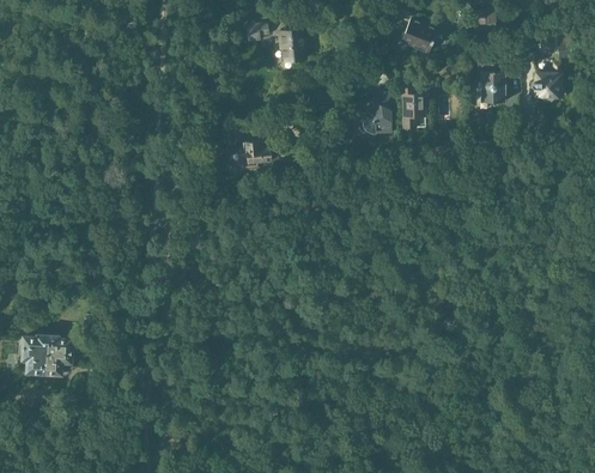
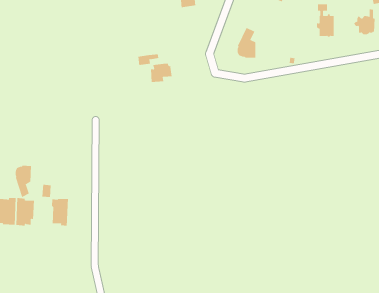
building: [403,80,426,127] -> none
building: none -> [15,165,31,198]
building: none -> [51,198,68,226]

